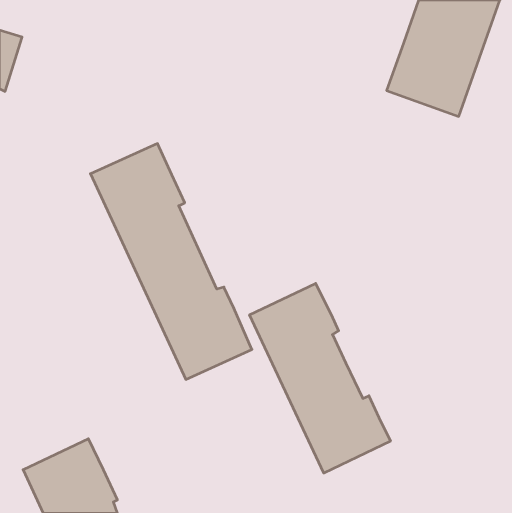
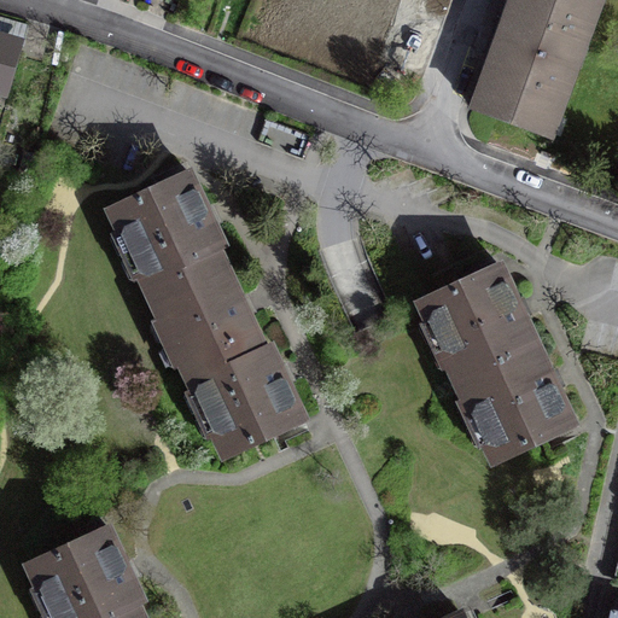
building: none -> [419,266,572,461]
building: [250,283,390,473] -> none

